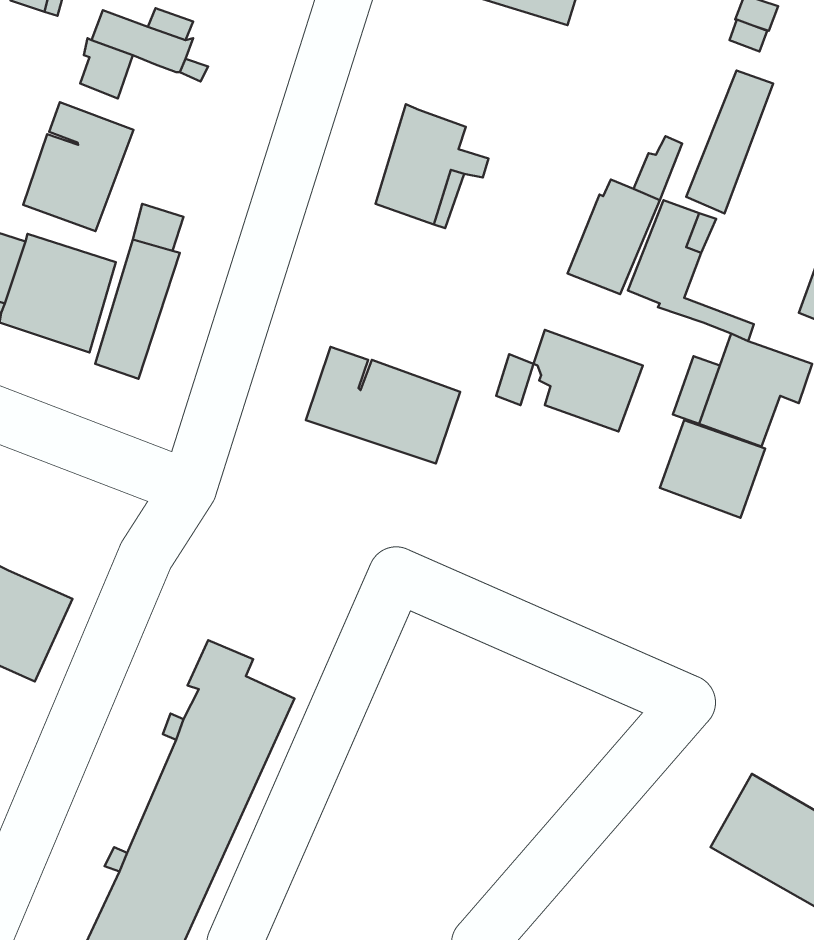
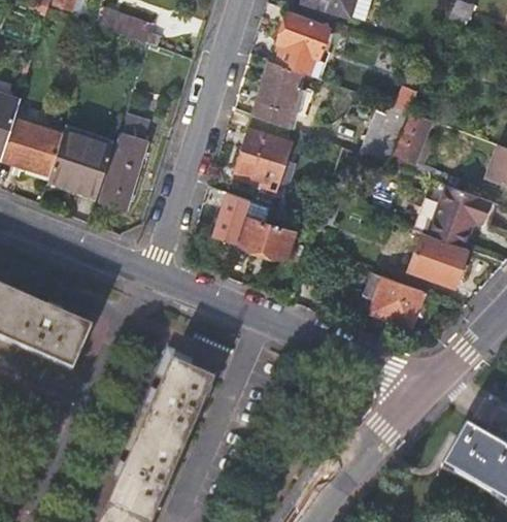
building: none -> [277,10,330,77]
building: [686,71,773,214] -> none
building: [23,102,134,231] -> none
building: none -> [235,128,290,184]
building: [534,330,643,431] -> [365,271,425,327]

